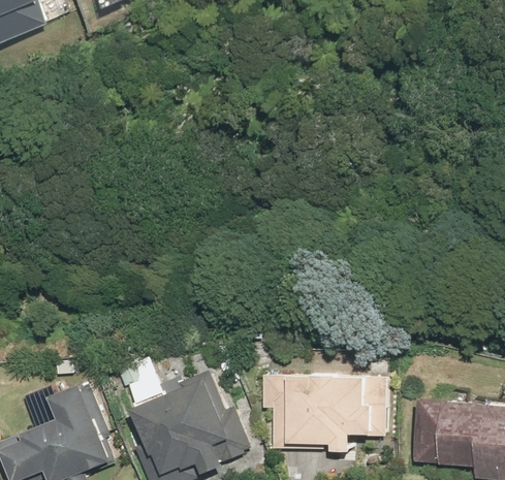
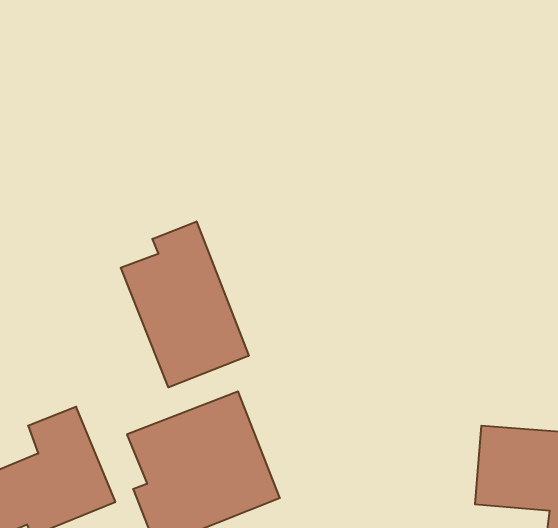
building: none -> [121,221,249,387]
building: [273,374,385,451] -> none

